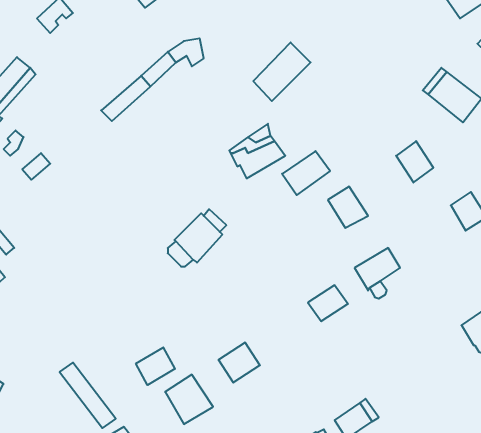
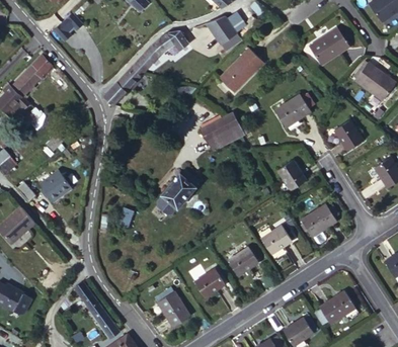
building: none -> [206,16,240,52]
building: none -> [306,27,345,64]
building: [282,151,330,195] -> [280,87,316,120]
building: none -> [44,168,77,202]
building: none -> [230,248,262,278]
building: [136,347,175,385] -> none
building: none -> [318,288,353,320]

